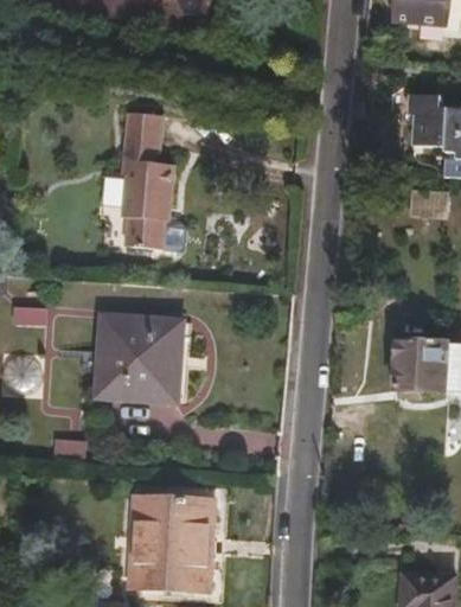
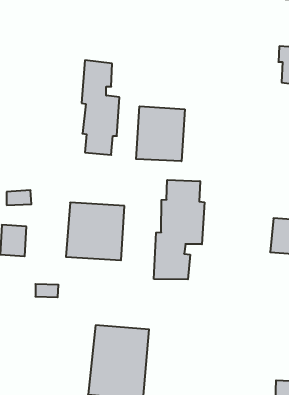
building: none -> [136,106,185,161]
building: none -> [154,180,204,279]

